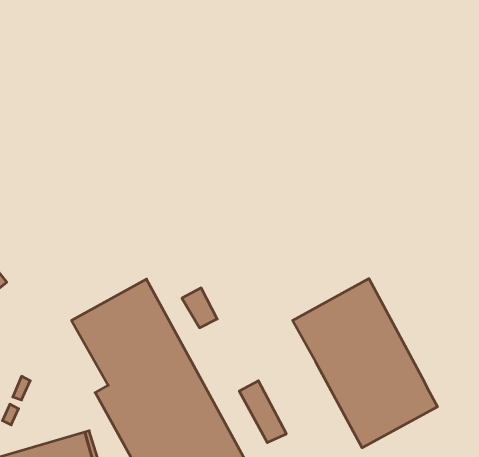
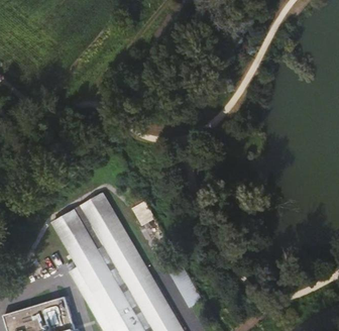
building: [293,279,437,448] -> none

